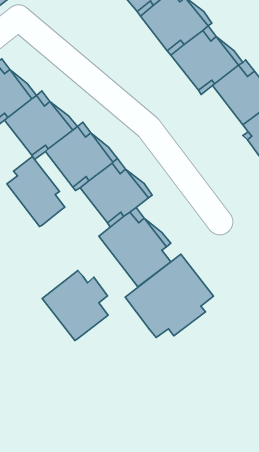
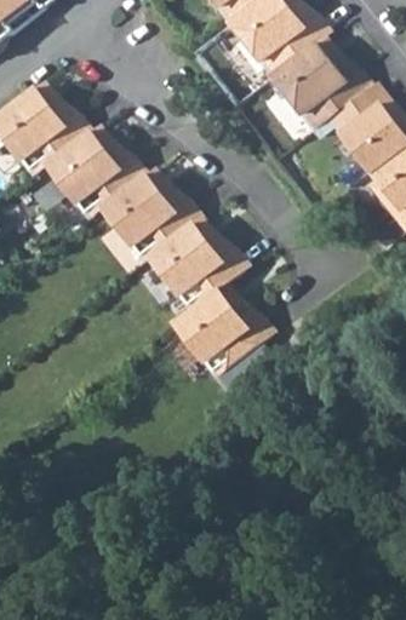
building: [7,157,65,227] -> none
building: [125,254,214,337] -> none
building: [42,270,108,341] -> none

